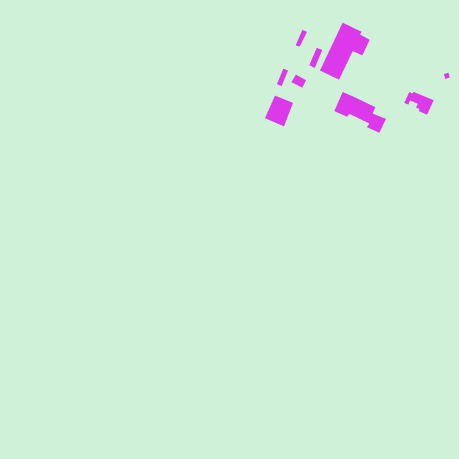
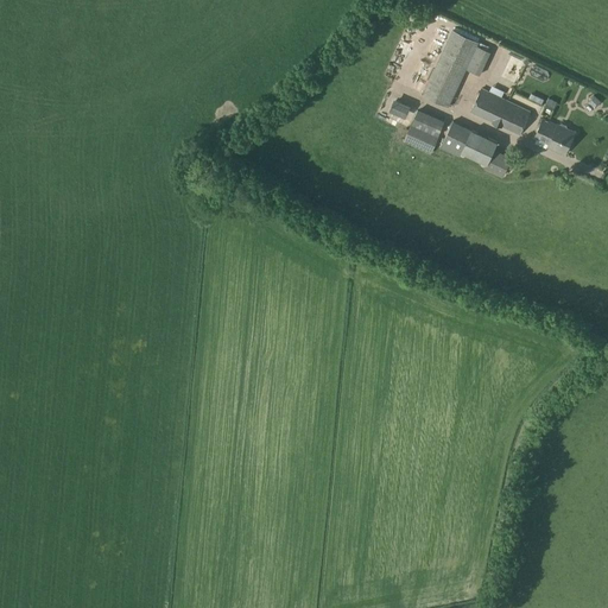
building: none -> [469,88,528,134]
building: [264,94,294,128] -> [404,109,444,153]

